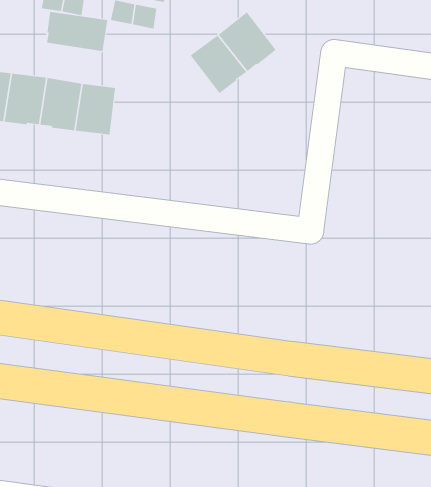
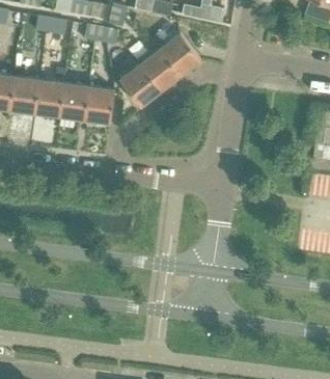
building: [46,11,108,52] -> none
building: none -> [119,64,161,107]
building: none -> [84,87,114,124]

